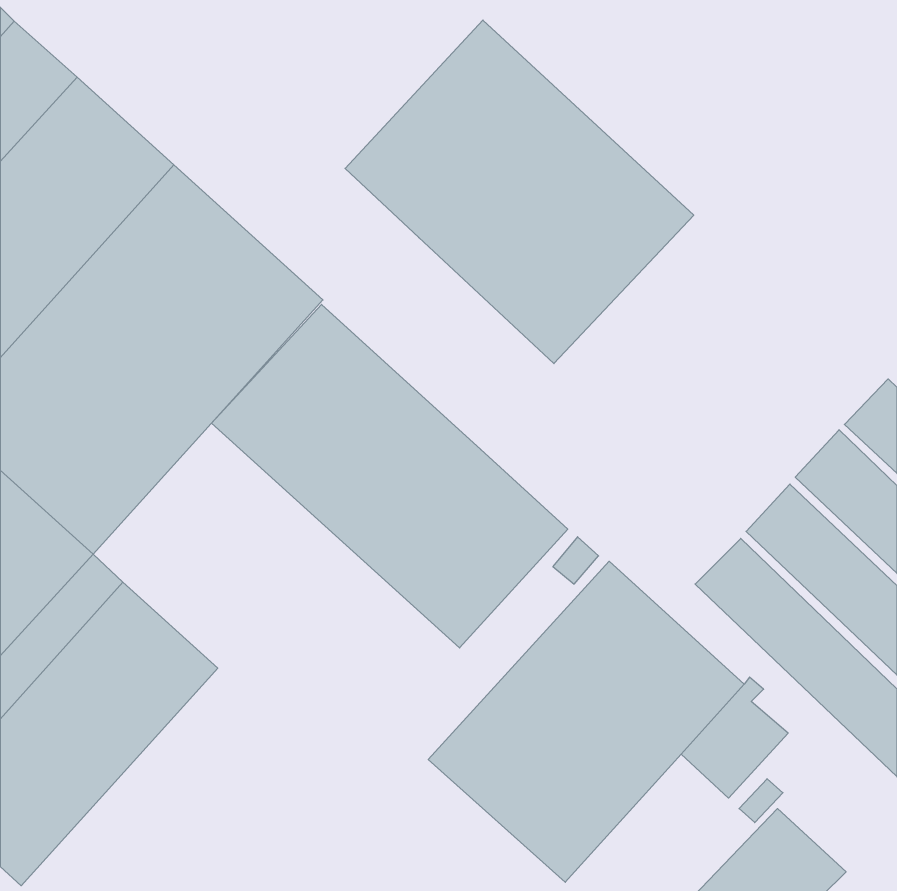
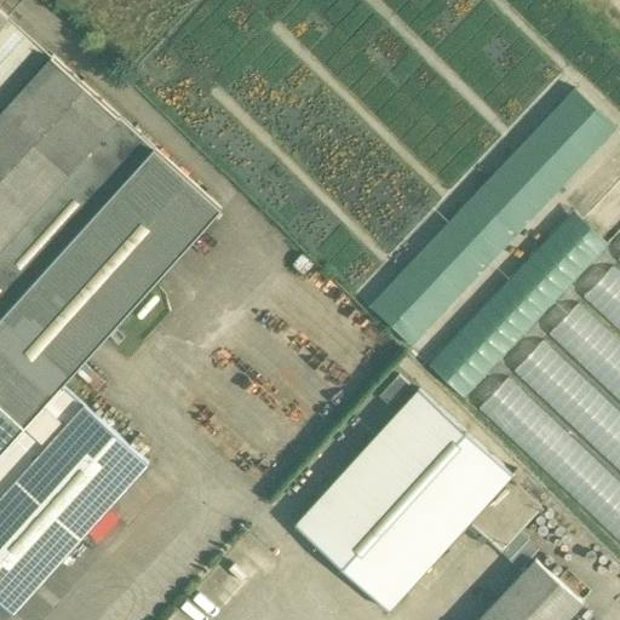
building: [345,20,694,364] -> none
building: none -> [357,86,614,348]
building: none -> [427,212,608,400]
building: [212,304,568,648] -> none

